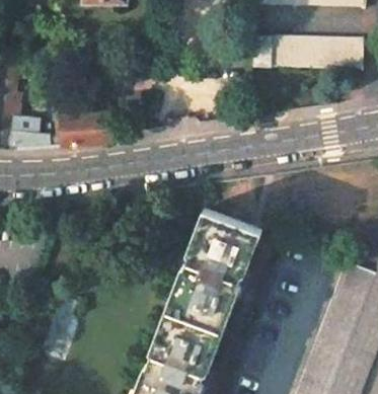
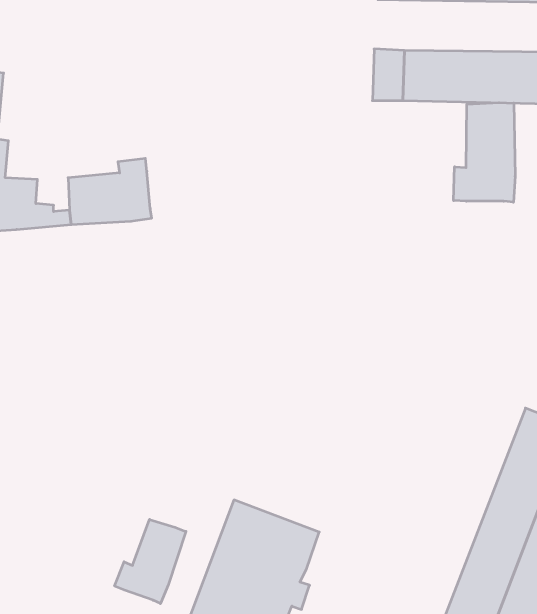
building: none -> [454,103,515,202]
building: [163,209,258,338] -> none
building: none -> [115,519,186,604]

